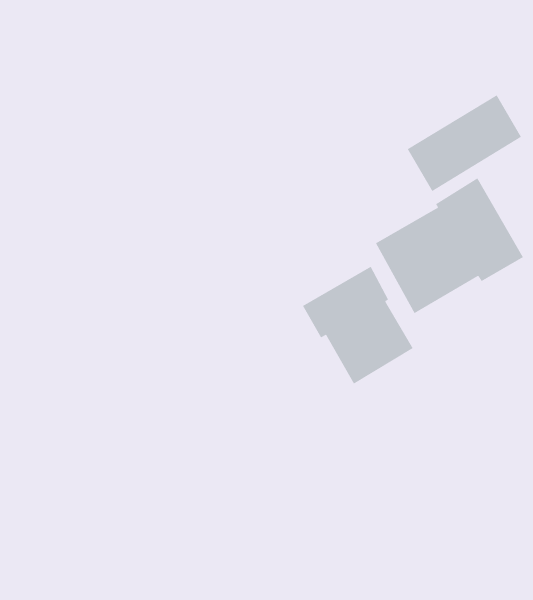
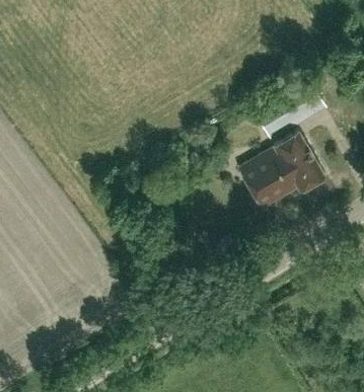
building: [302,266,413,385] -> none

